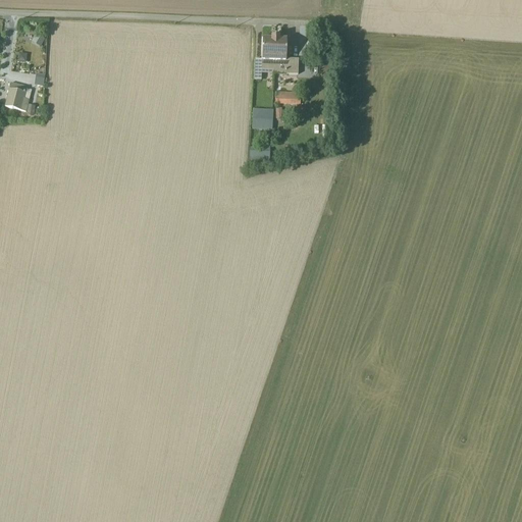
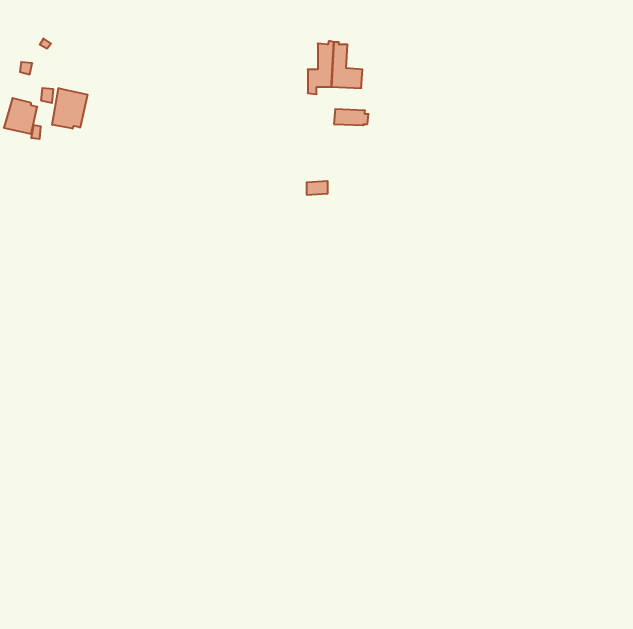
building: none -> [52,88,88,129]
building: [252,107,272,128] -> none

